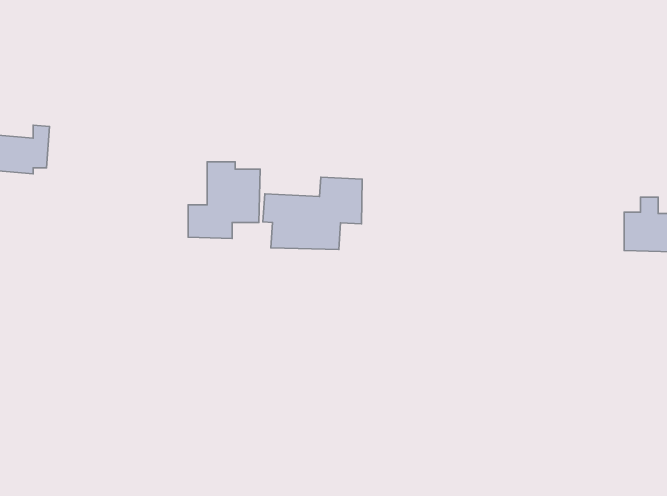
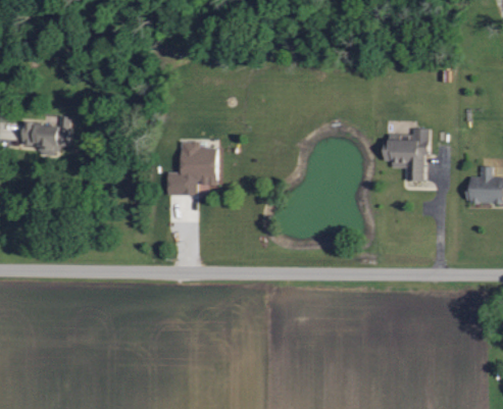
building: none -> [383,129,426,182]
building: [263,177,362,250] -> none

